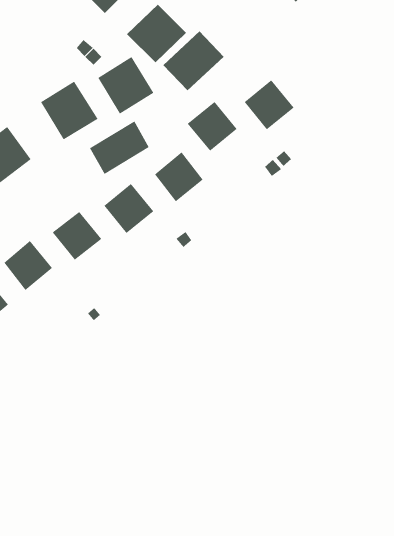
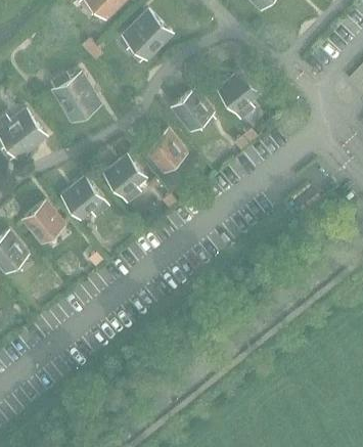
building: [162,31,224,91] -> none
building: [98,56,154,115] -> none
building: [89,120,150,175] -> none

